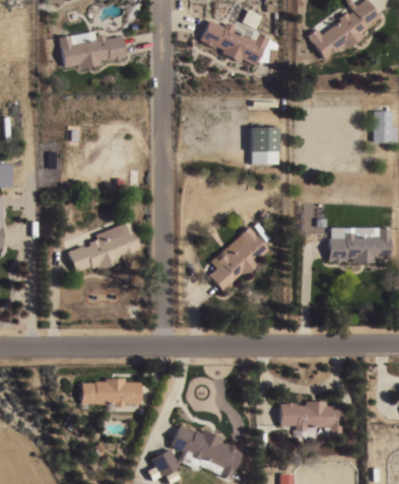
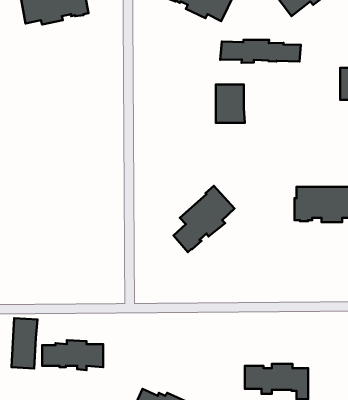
building: none -> [220,40,301,63]
building: [68,221,141,273] -> none
building: none -> [11,318,38,368]

